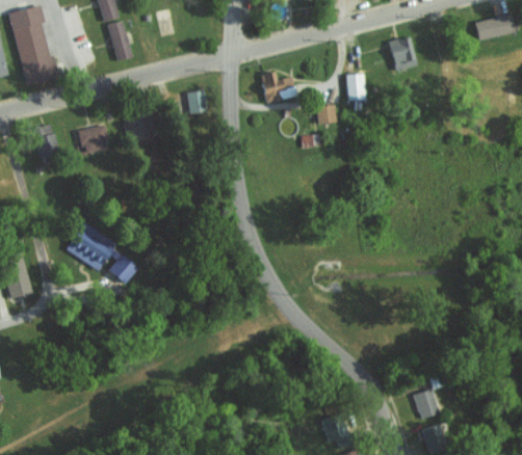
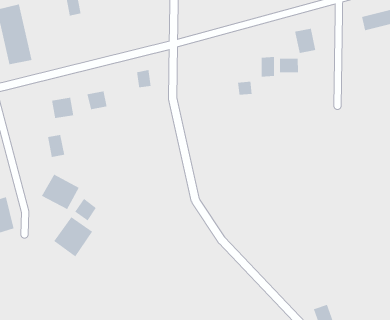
building: [107,21,132,61] -> none
building: [260,72,296,103] -> none
building: none -> [279,58,299,73]
building: [34,125,57,155] -> [47,134,65,158]
building: none -> [53,216,93,258]

